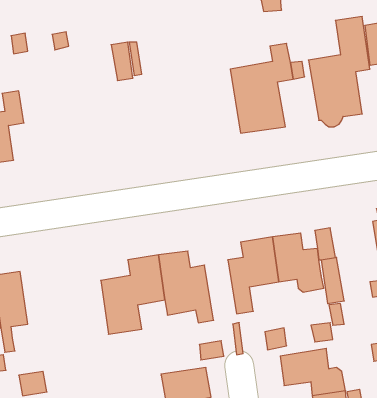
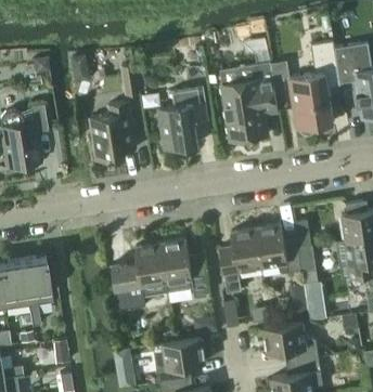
building: none -> [157,86,209,151]
building: none -> [90,101,136,160]

